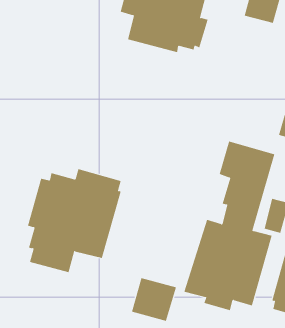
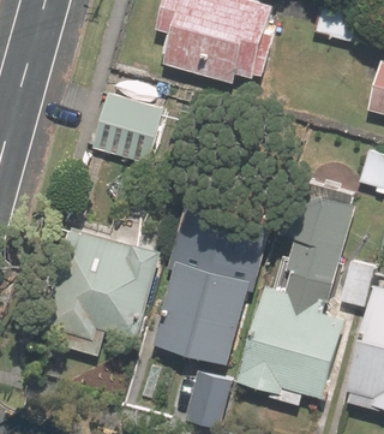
building: none -> [91,93,163,164]
building: none -> [154,245,248,362]

